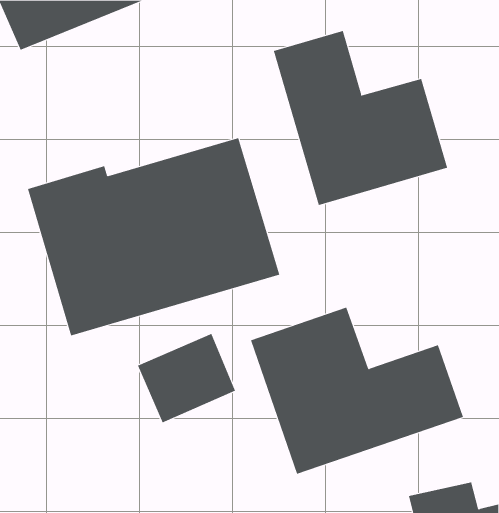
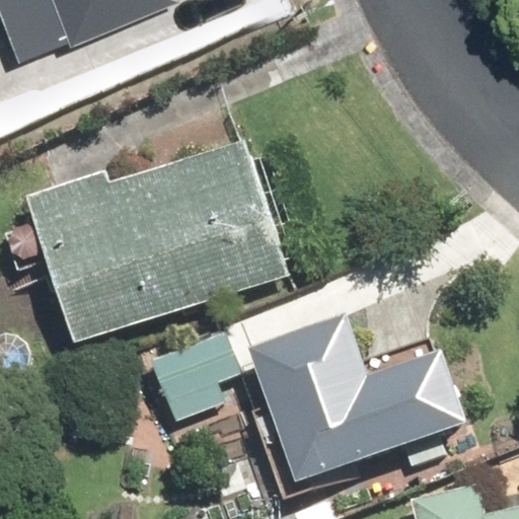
building: [273,30,448,206] -> none

